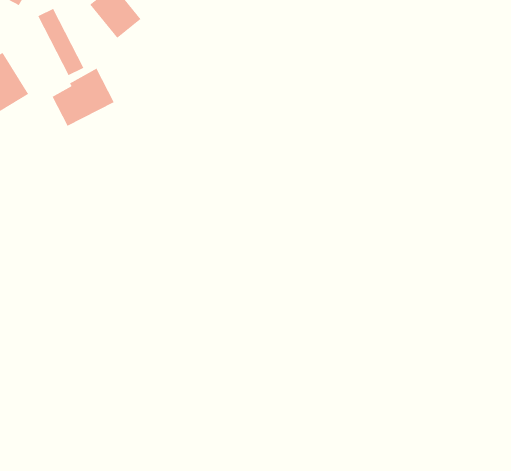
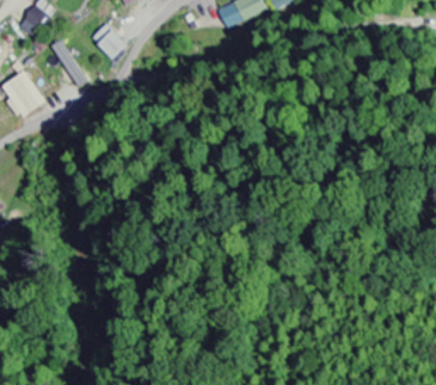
building: [51,68,115,127] -> none

